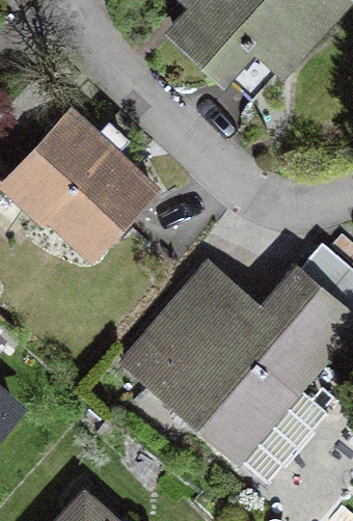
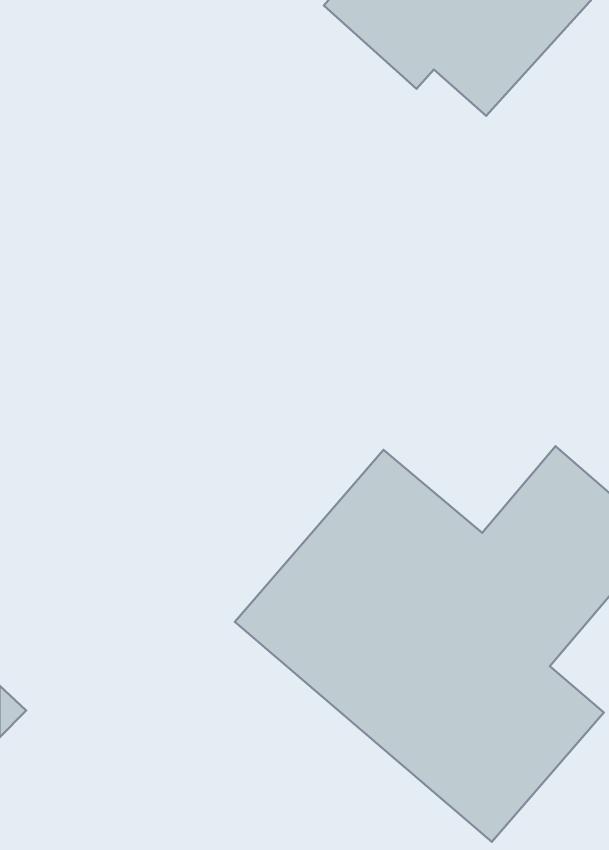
building: [8,112,156,256] -> none

